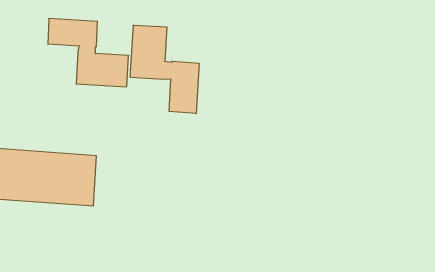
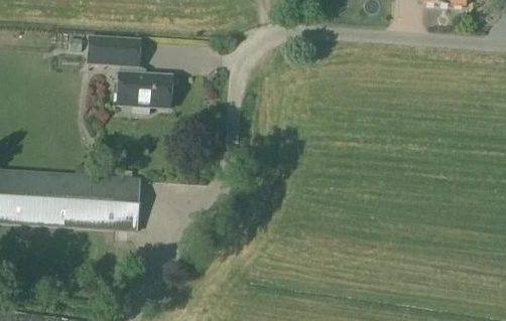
building: [130,25,199,114] -> none

